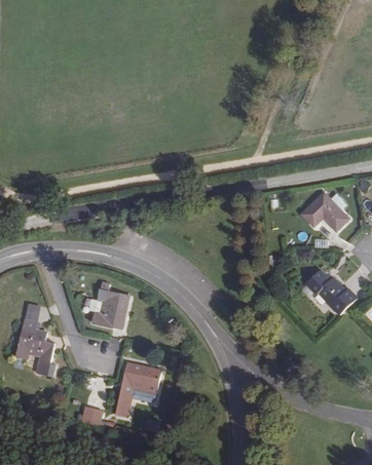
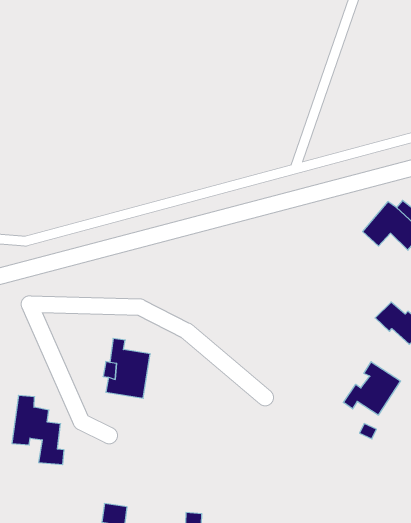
building: none -> [343,362,401,415]
building: [115,362,160,417] -> none

